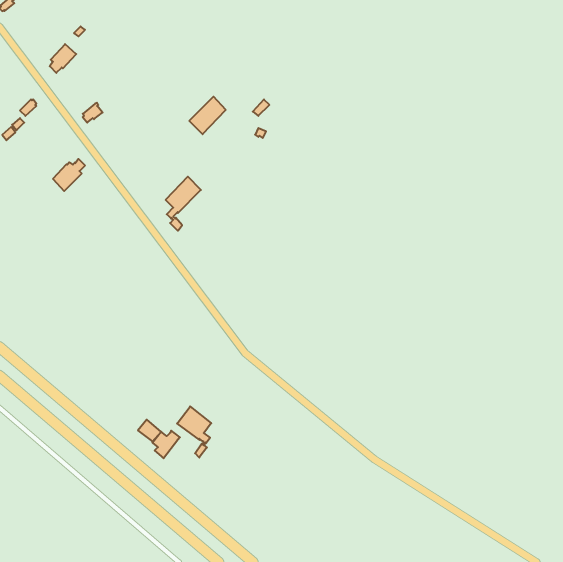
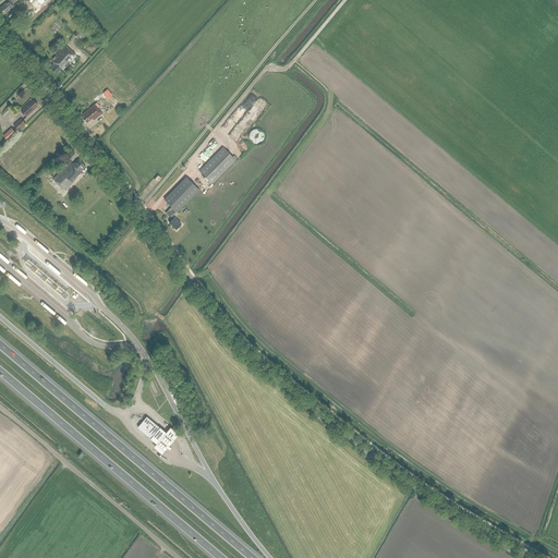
building: [189,97,226,134] -> [198,145,234,182]
building: [177,406,211,458] -> none

